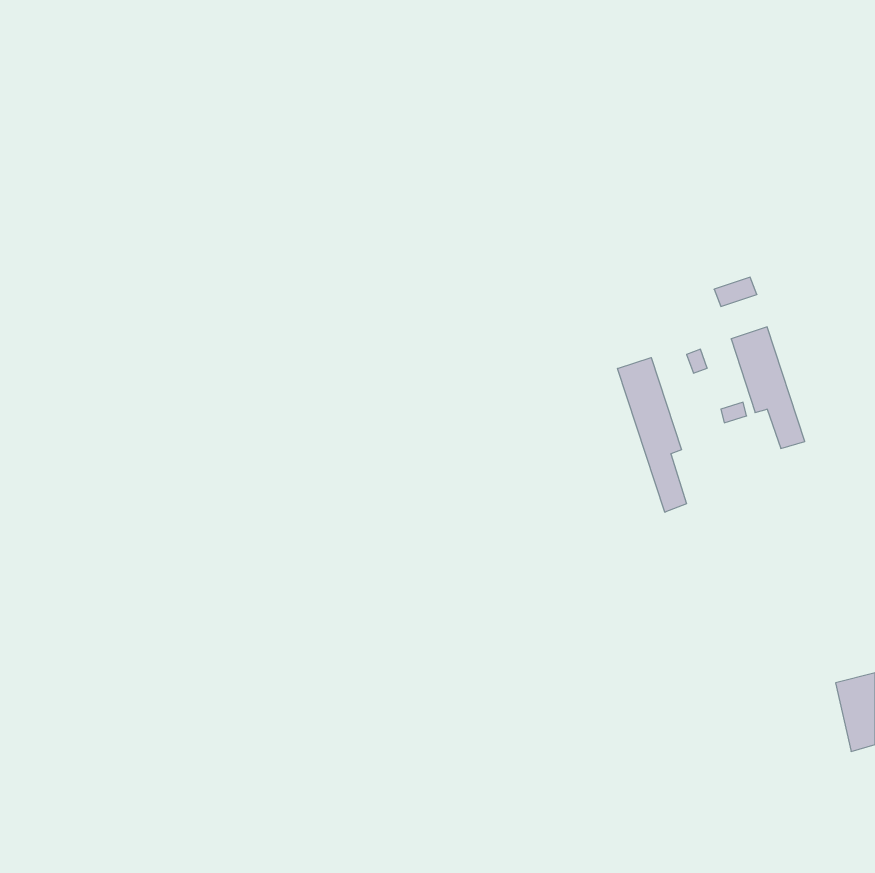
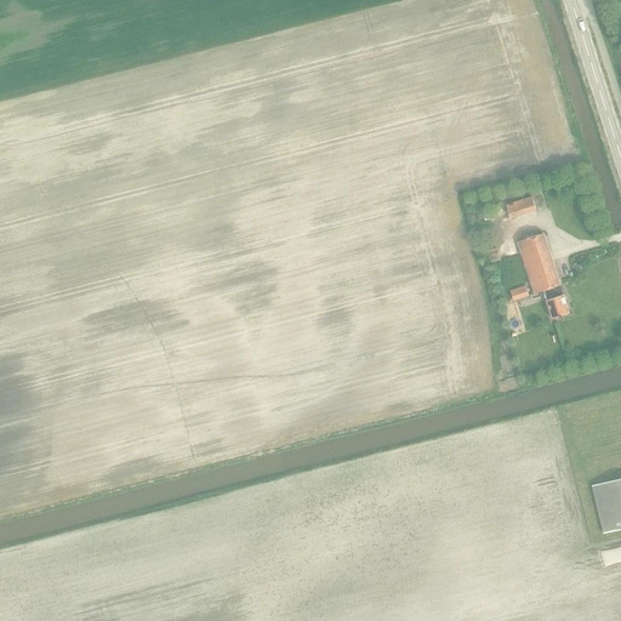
building: [618,358,686,512] -> none

